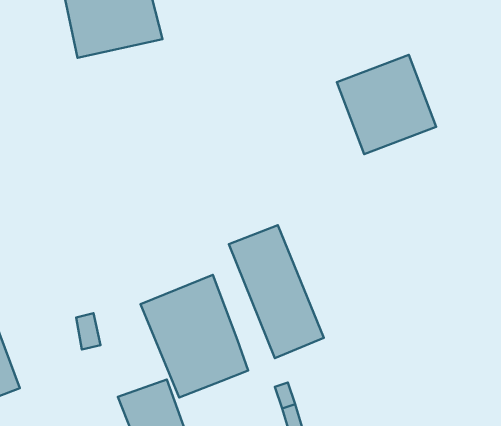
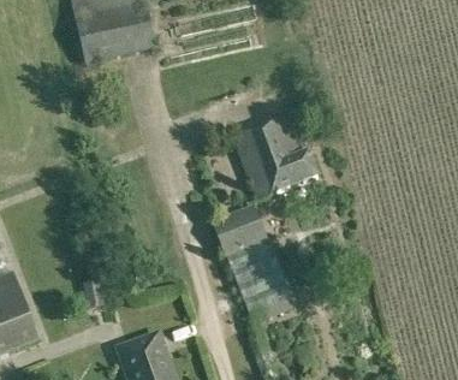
building: [337,55,436,154] -> [234,113,317,196]
building: [141,275,248,397] -> none

